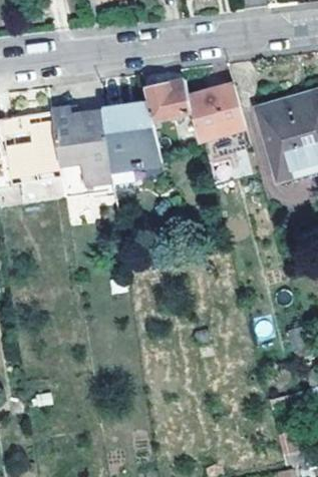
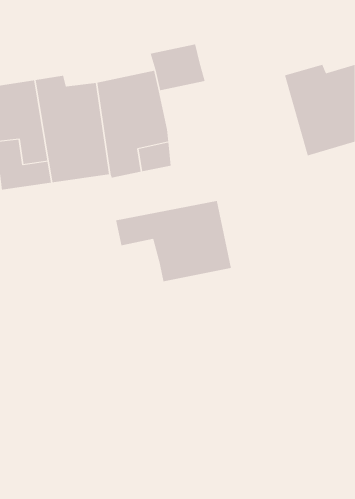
building: [187,82,245,139] -> none
building: none -> [115,200,232,282]

